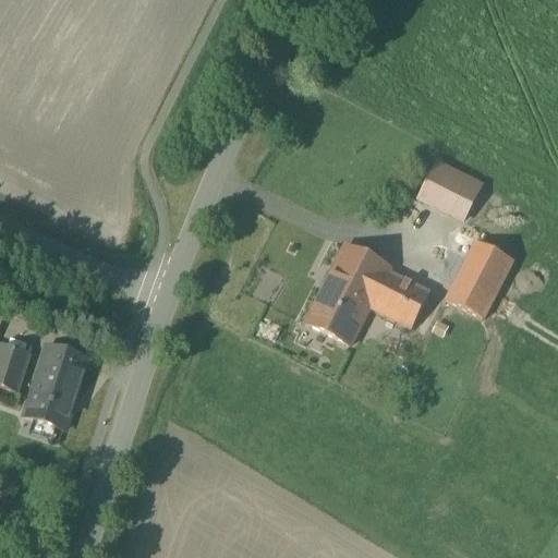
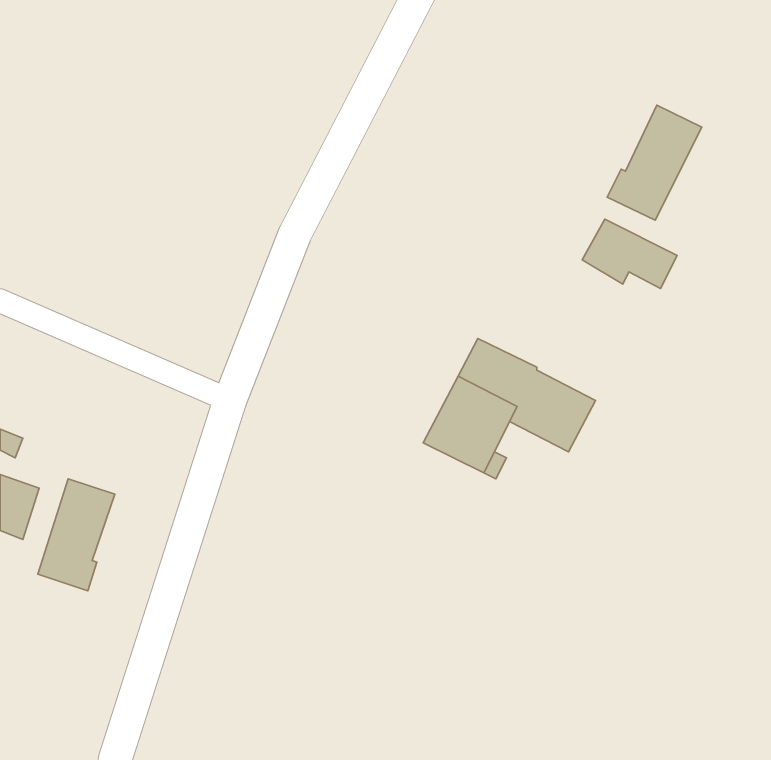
building: none -> [607,105,702,220]
building: [446,239,512,316] -> none

